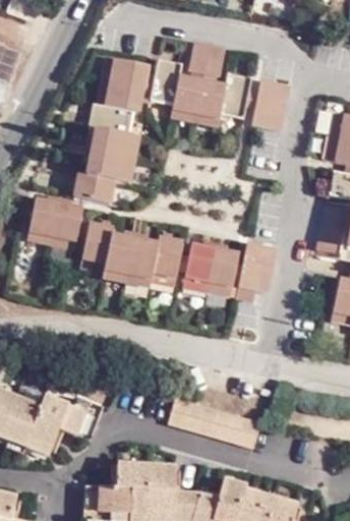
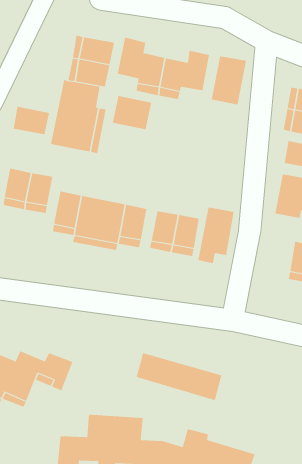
building: [188,42,226,77] -> none
building: none -> [112,95,152,130]
building: [75,174,115,205] -> [13,106,50,135]

